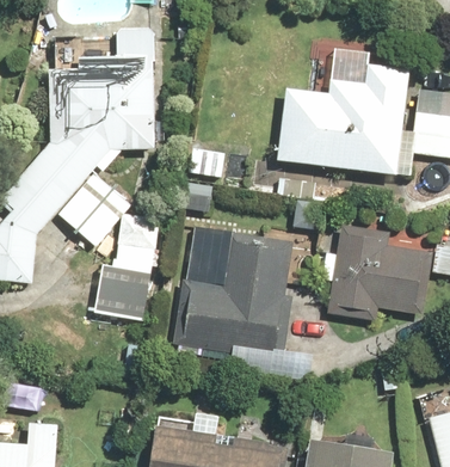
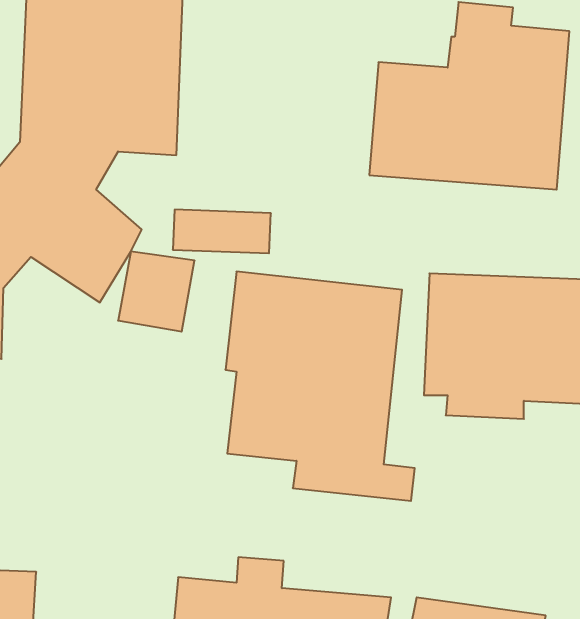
building: [94,262,154,314] -> none

